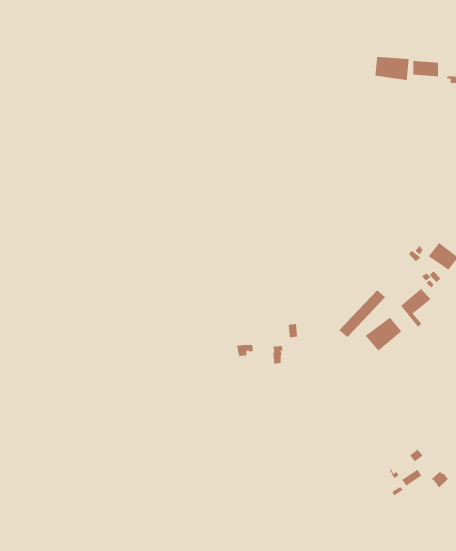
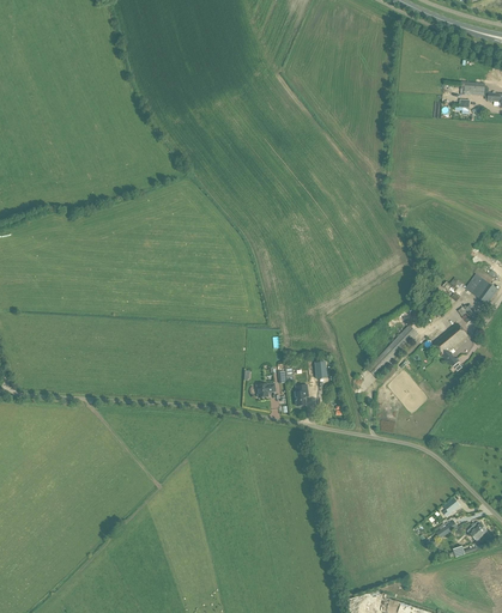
building: [375,56,409,81] -> none
building: [365,317,402,352] -> none

